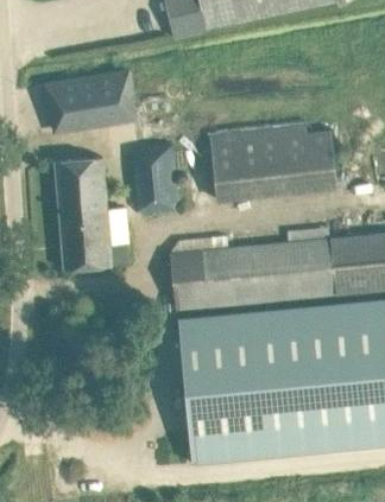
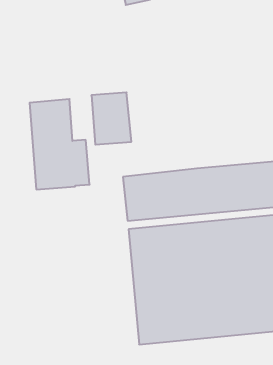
building: [45,71,133,132] -> none
building: [207,121,335,199] -> none

